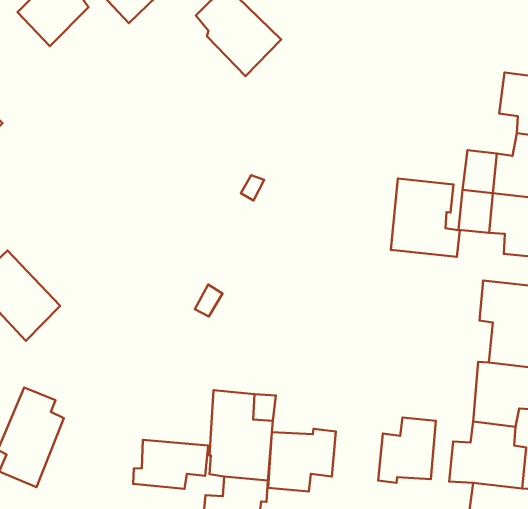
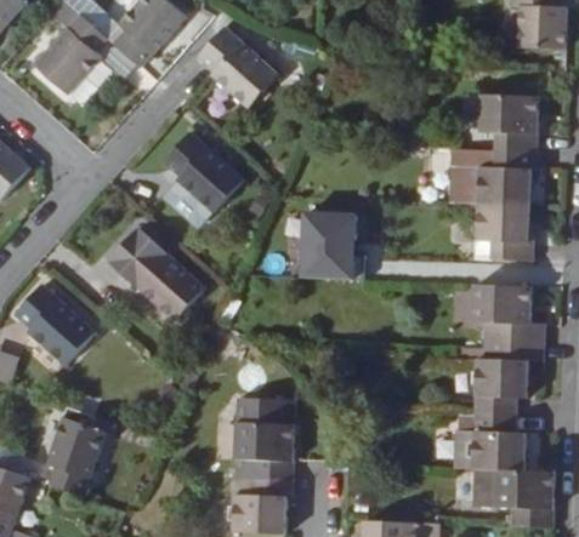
building: none -> [163,133,243,212]
building: [391,178,460,257] -> [293,210,354,278]
building: none -> [107,229,204,335]
building: [378,418,436,483] -> none
building: [268,429,336,491] -> none
building: [133,440,208,489] -> none

